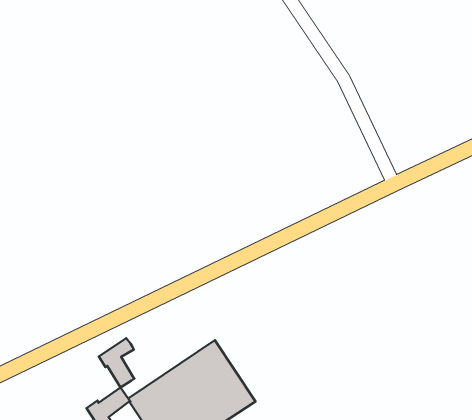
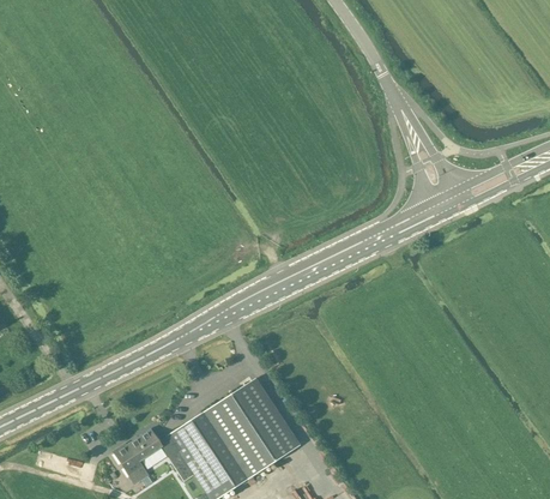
building: [99,338,135,387] -> none

